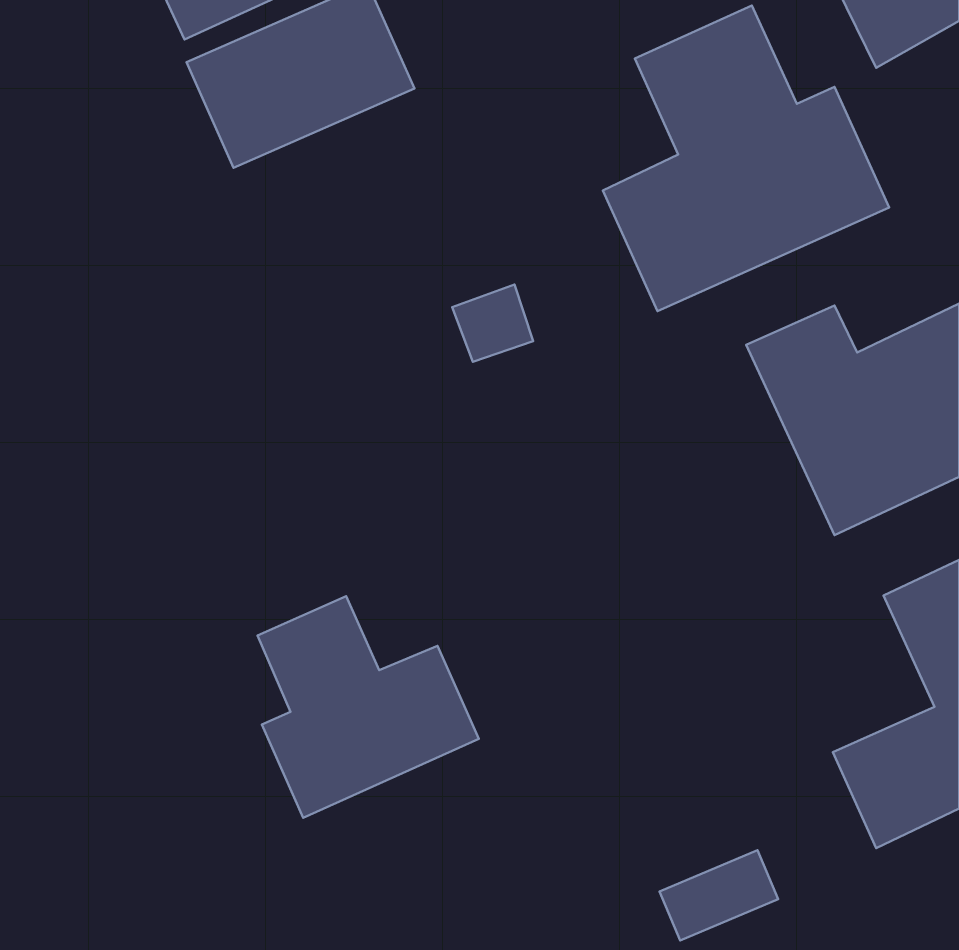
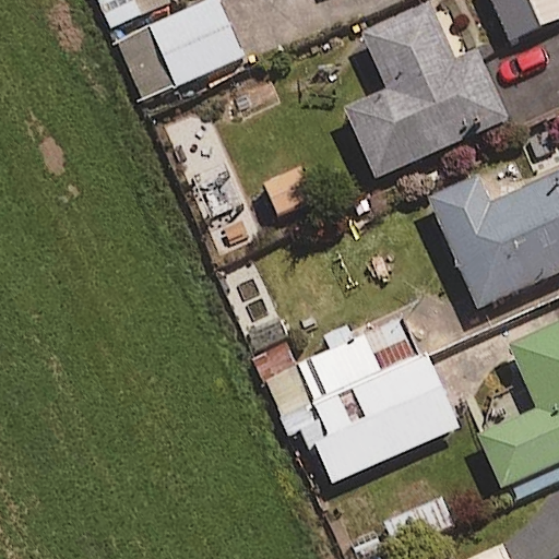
building: none -> [260,312,456,480]
building: [257,596,479,818] -> none

